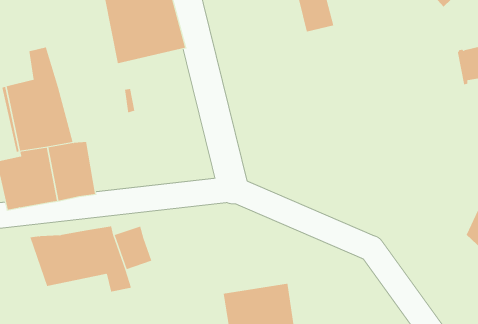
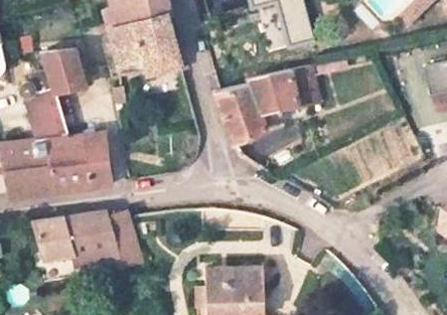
building: none -> [49,40,87,95]
building: none -> [213,67,314,139]
building: none -> [89,139,121,190]

